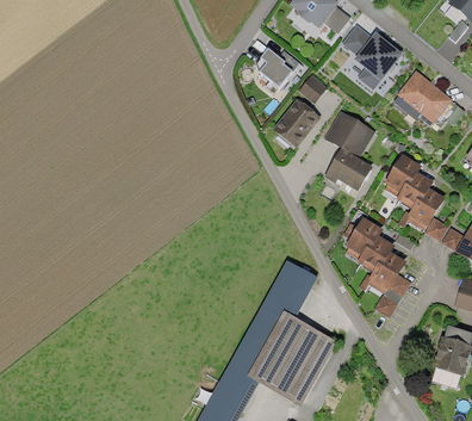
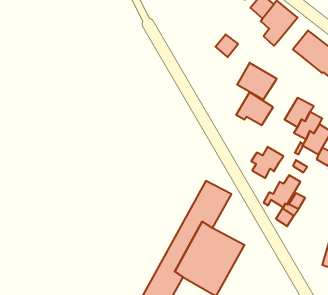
building: [253,49,294,93] -> none
building: [273,100,318,147] -> none
building: [358,236,395,272] -> none

